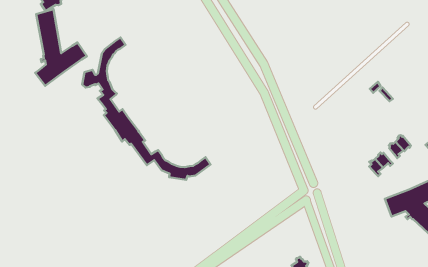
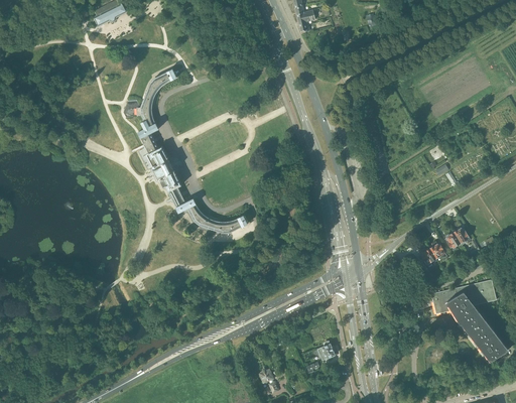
building: [35,9,87,86] -> none

